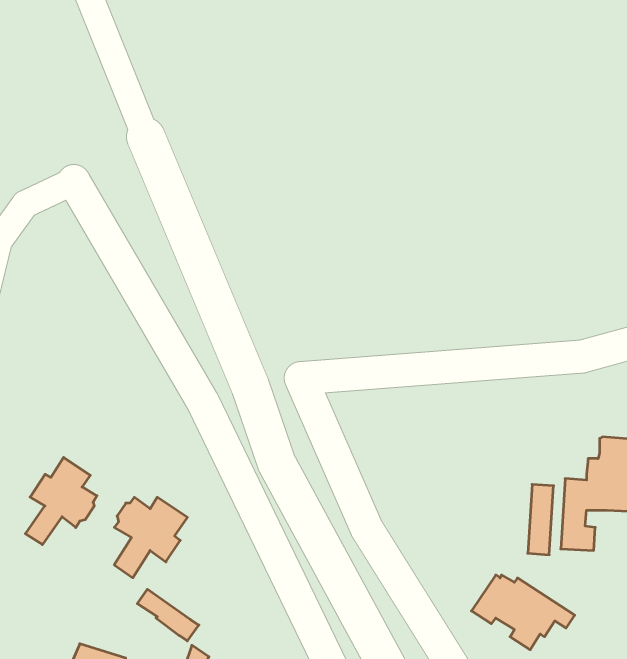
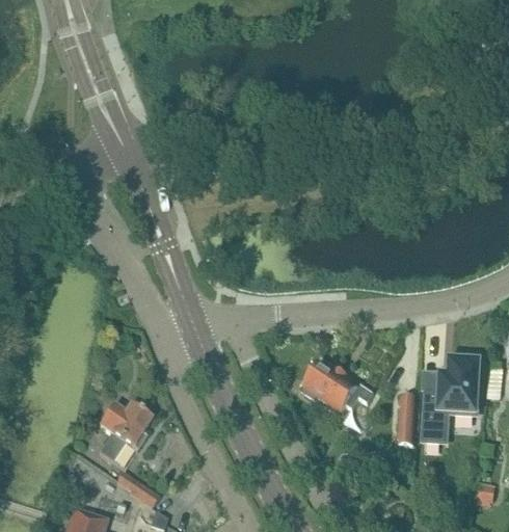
building: [25,457,97,545] -> none
building: [471,575,575,650] -> [299,363,374,417]

